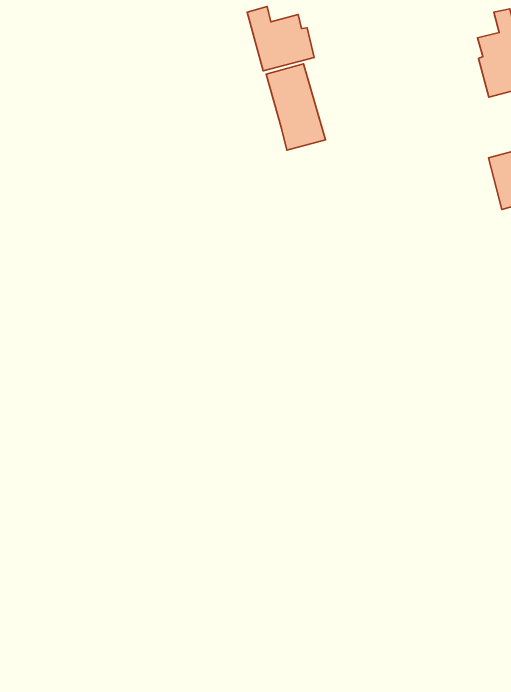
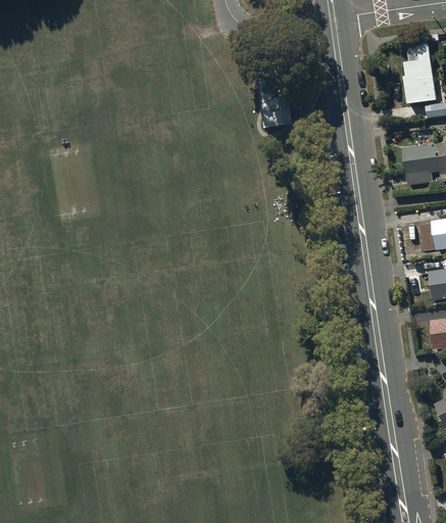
building: [247,6,314,71] -> none

